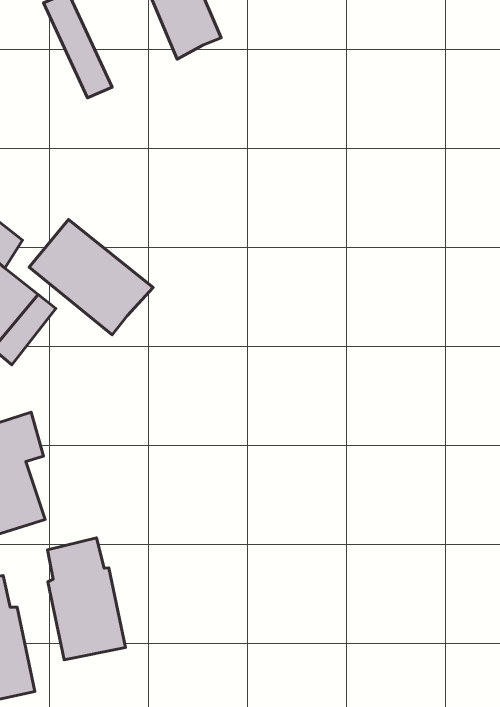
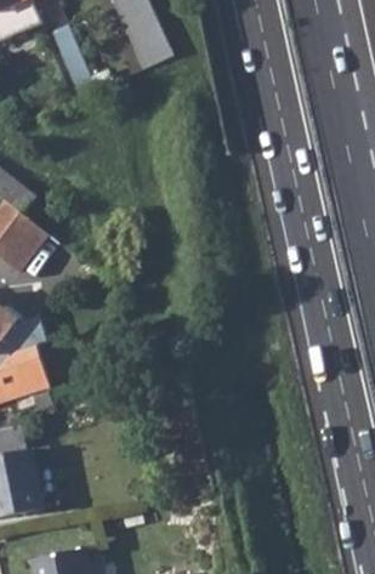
building: [29,220,153,335] -> none
building: [47,538,126,660] -> none

